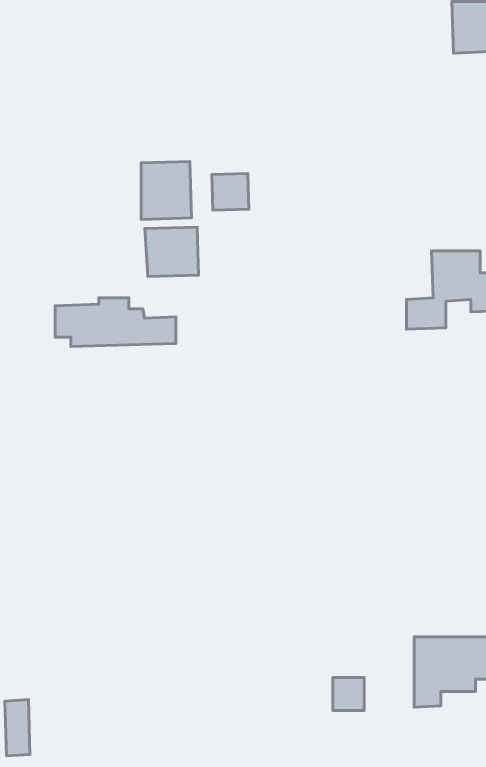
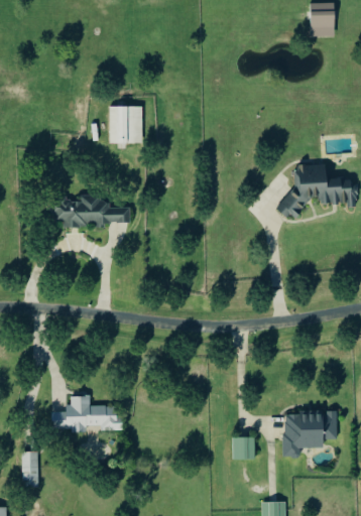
building: [212,174,249,210] -> none
building: [145,227,198,276] -> none
building: none -> [52,396,124,430]

